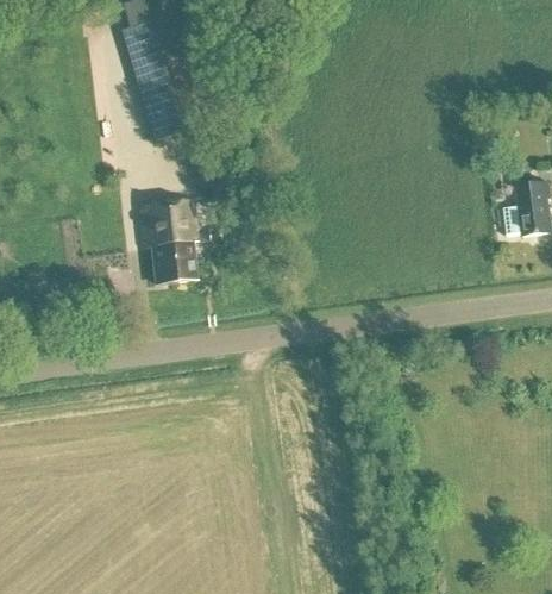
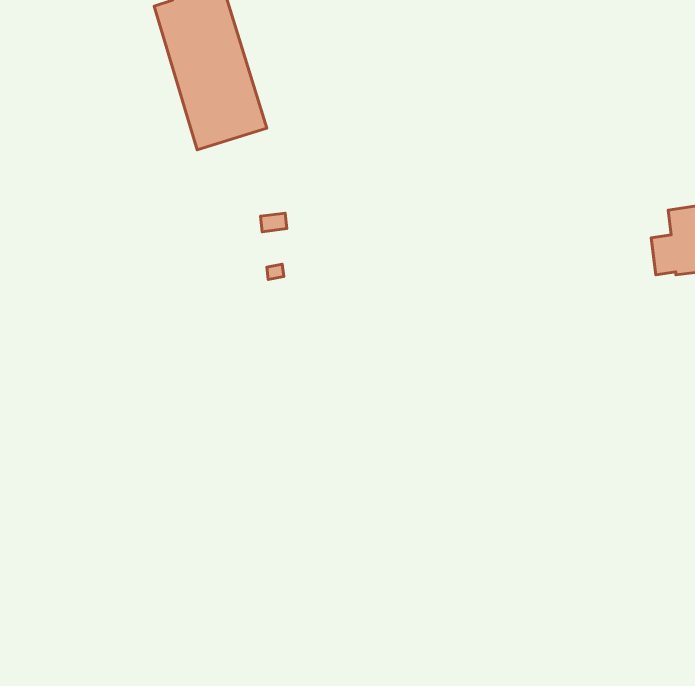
building: [142,196,199,281] -> none

